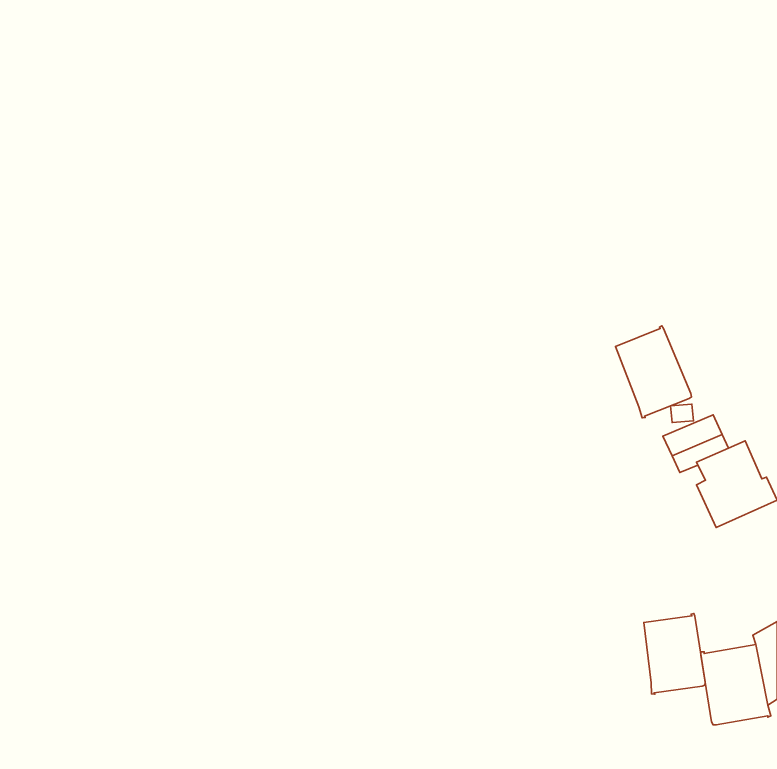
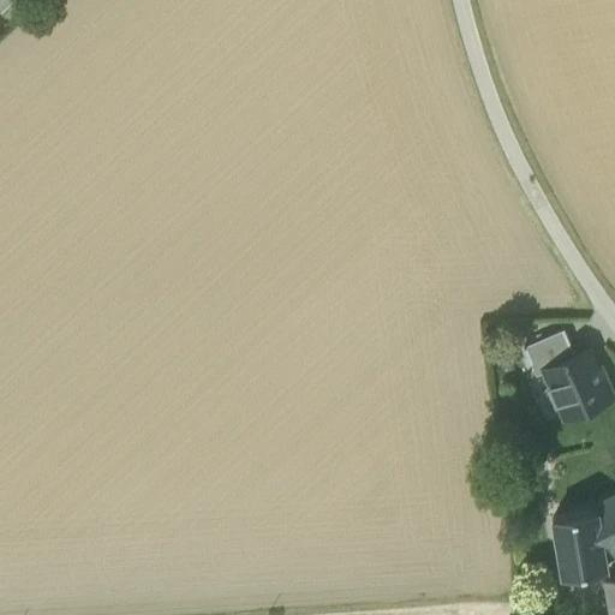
building: [616,326,691,418] -> none
building: [644,613,705,694] -> none

